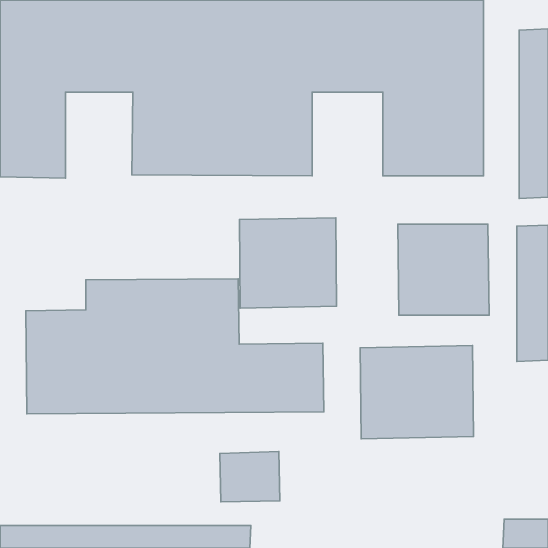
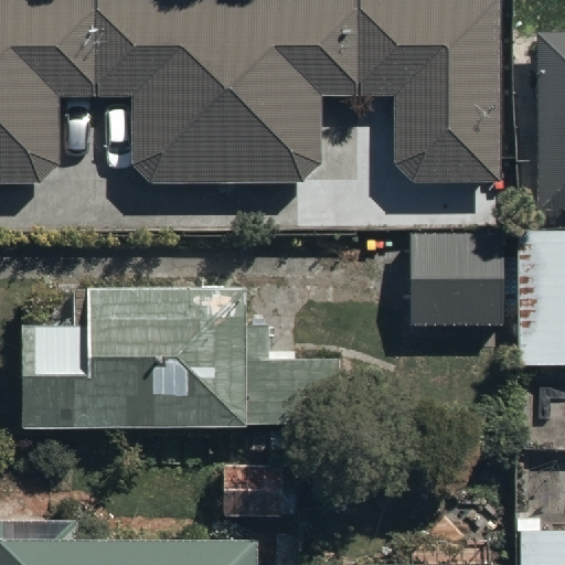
building: [239,218,337,308] -> none
building: [360,346,473,439] -> none

